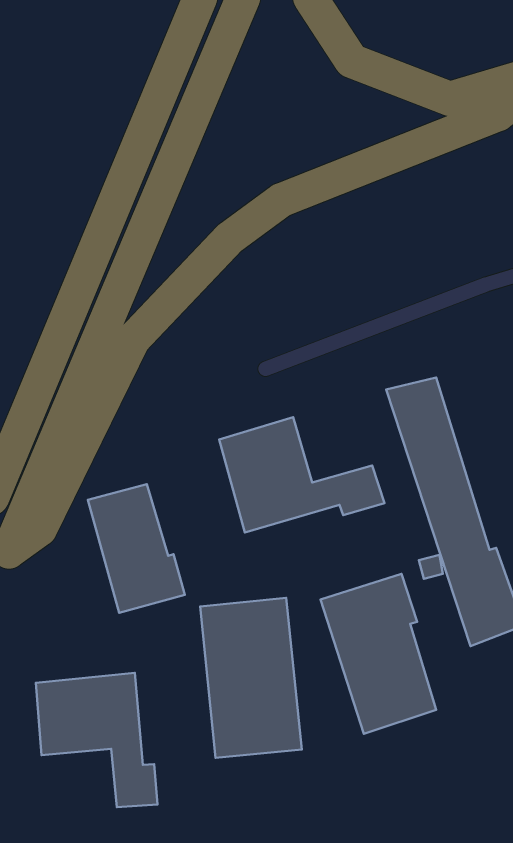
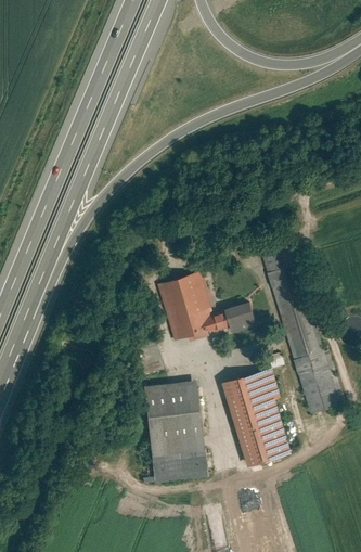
building: [88,484,185,613] -> none
building: [36,673,158,807] -> none

